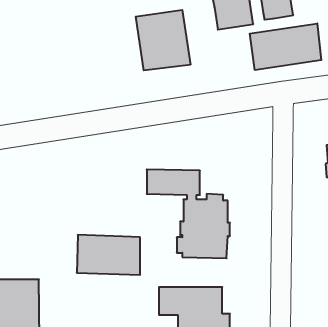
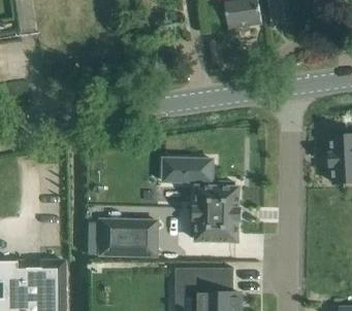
building: [136,10,190,70] -> none
building: [250,23,321,70] -> none

